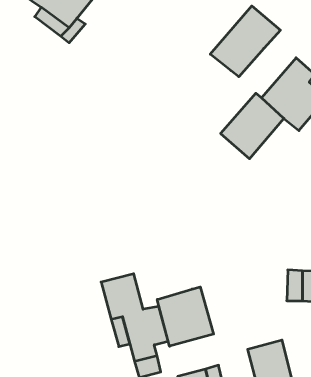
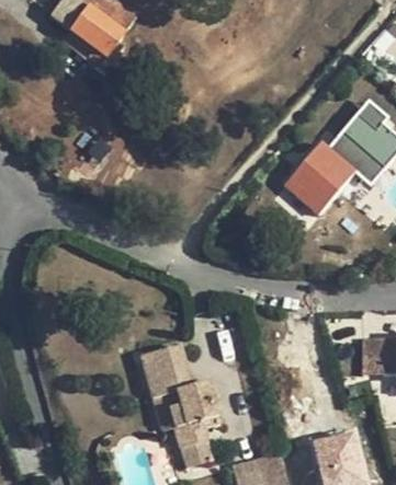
building: [210,6,280,77] -> none
building: [157,287,214,346] -> none

